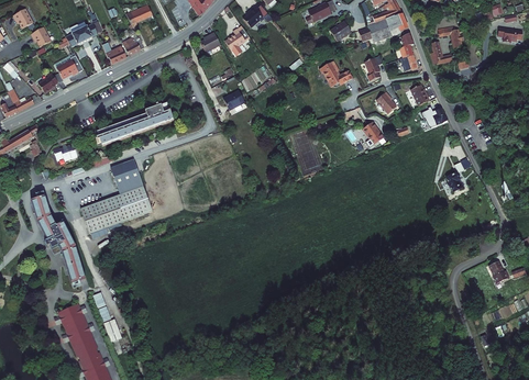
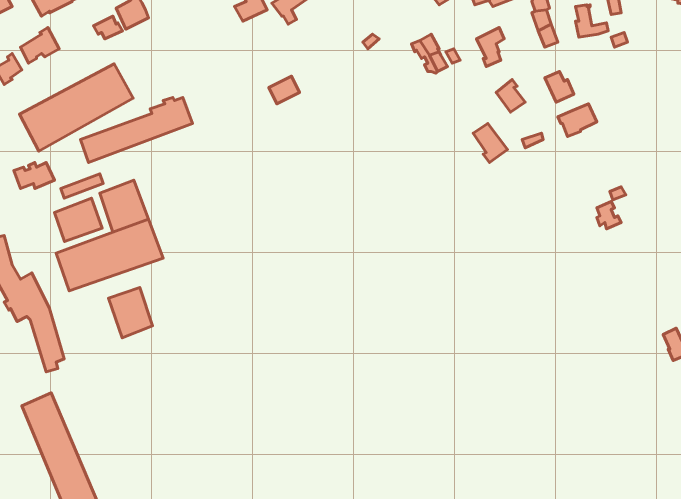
building: none -> [20,64,133,151]
building: none -> [55,198,102,241]
building: none -> [108,288,153,338]

